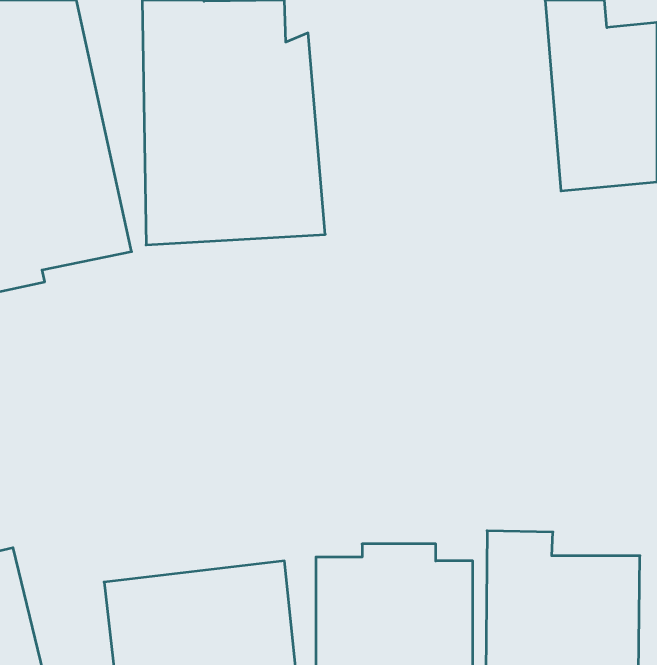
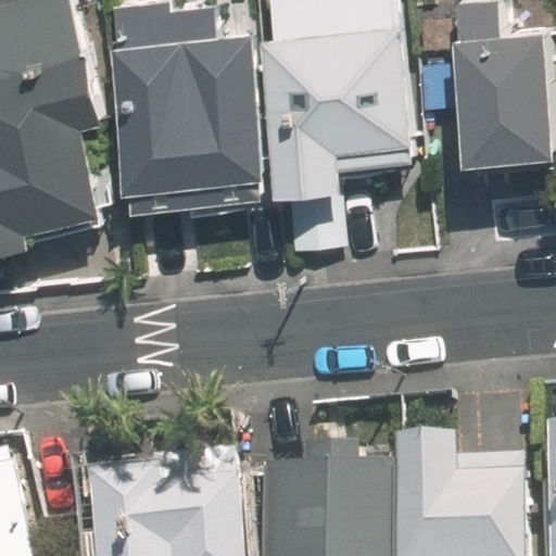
building: none -> [254,20,425,200]

